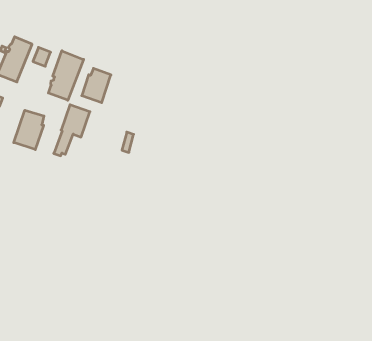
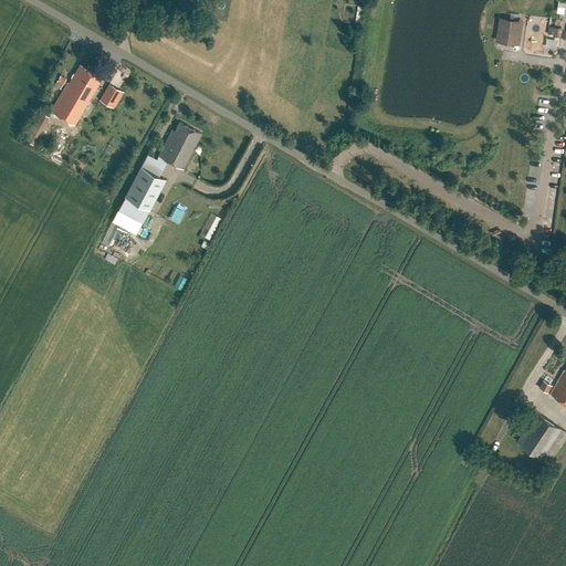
building: [48,51,84,100] -> none
building: [14,110,44,150] -> none

